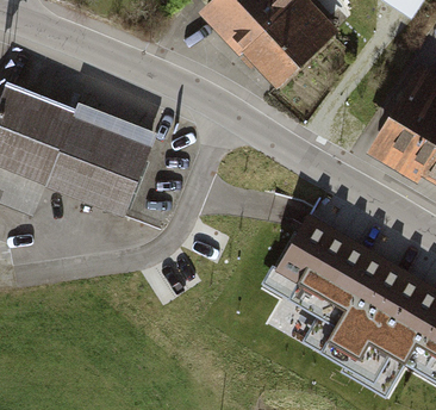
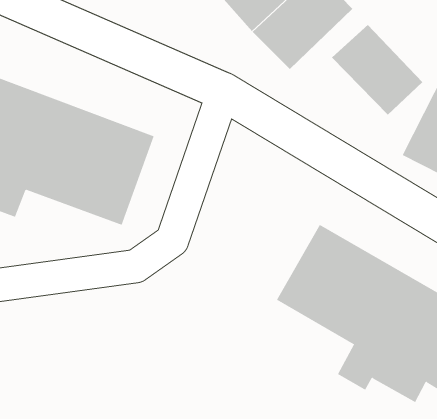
building: none -> [331,24,423,116]

